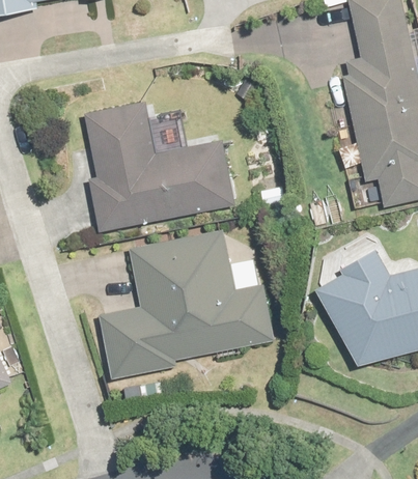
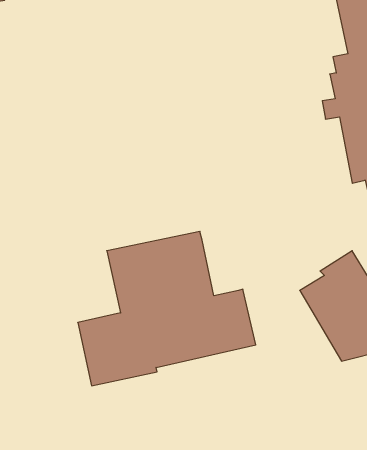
building: [86,103,232,232] -> none

